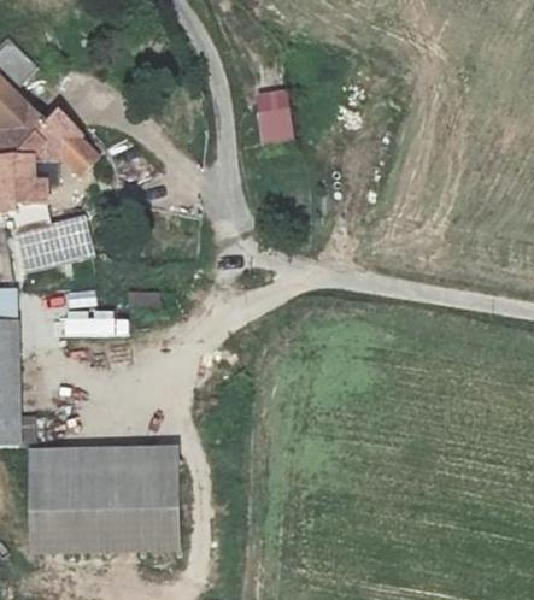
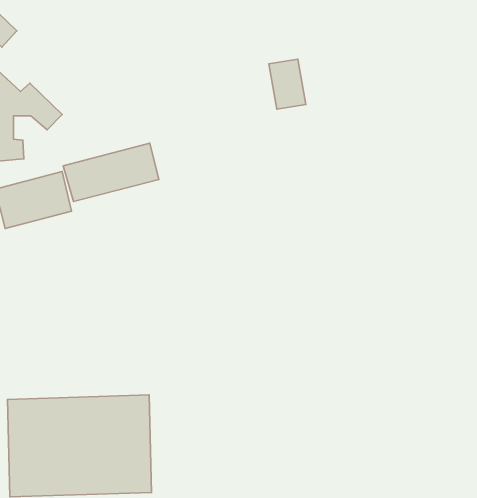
building: [256,88,294,140] -> [269,59,306,109]
building: none -> [63,143,159,201]

